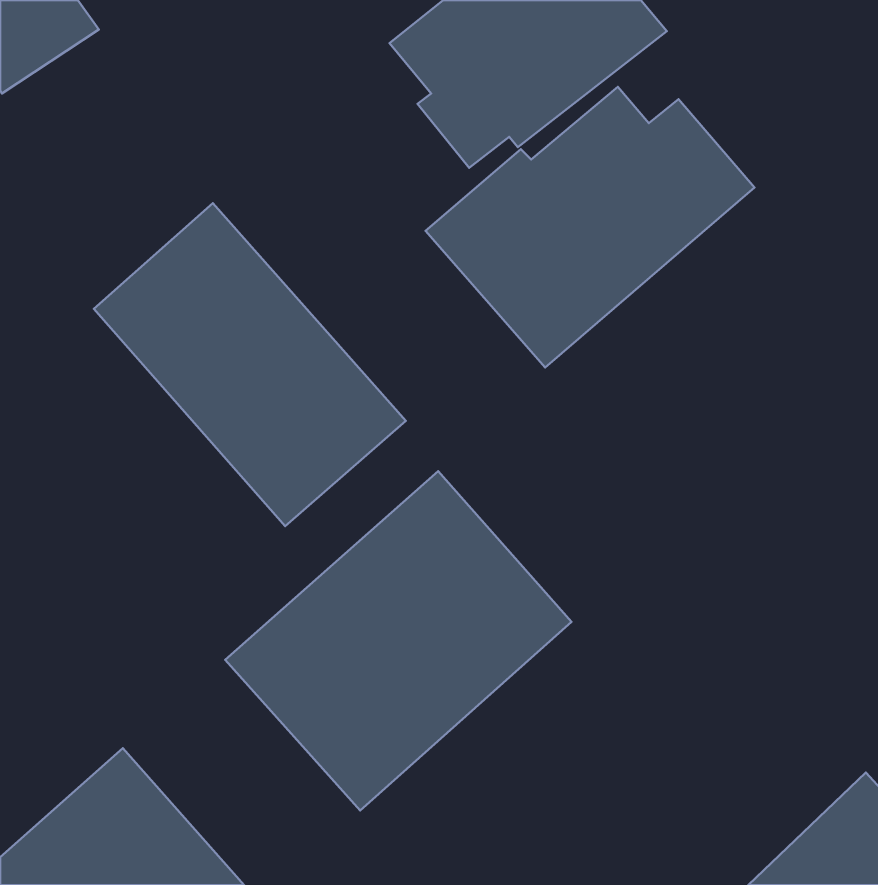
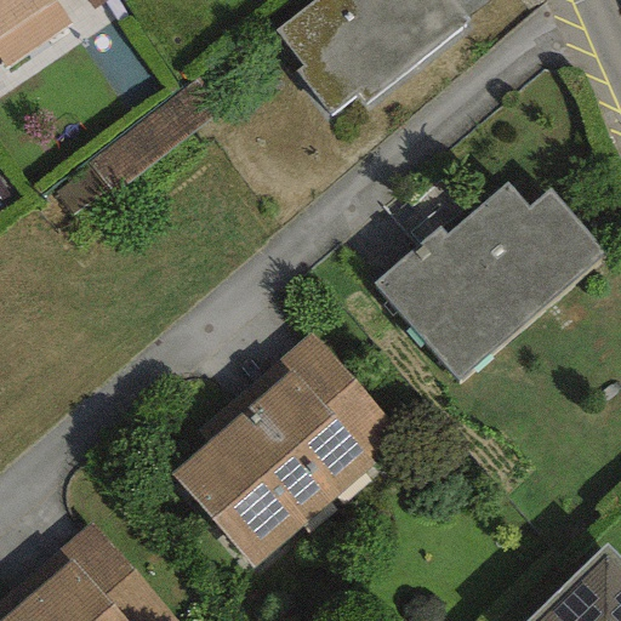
building: [426,87,755,367] -> [376,183,606,380]
building: [94,203,406,526] -> none

